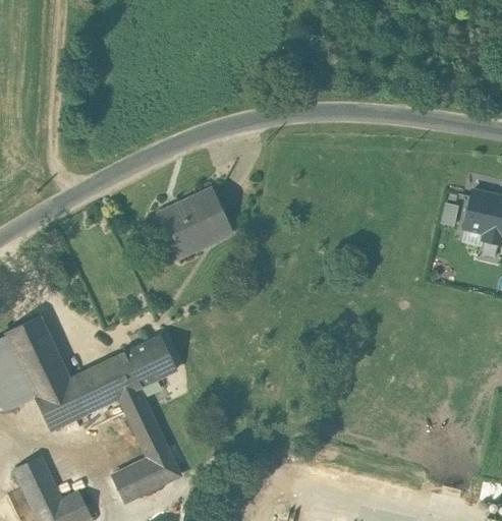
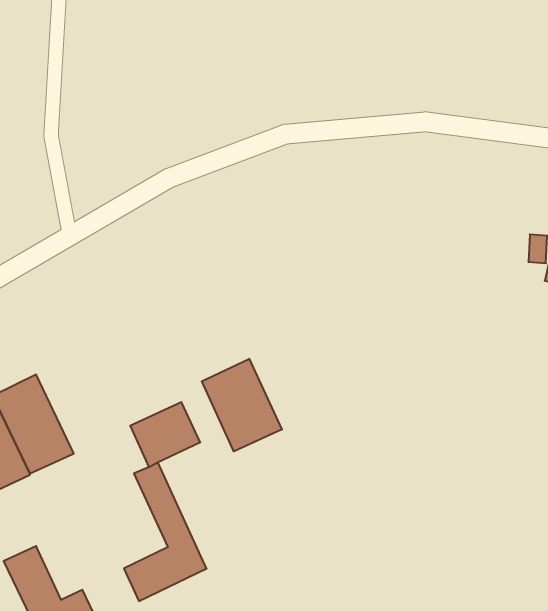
building: [162,190,230,256] -> none
building: none -> [202,359,282,451]
building: [36,358,132,429] -> none

